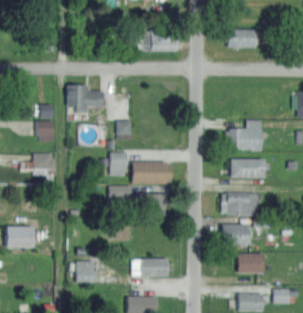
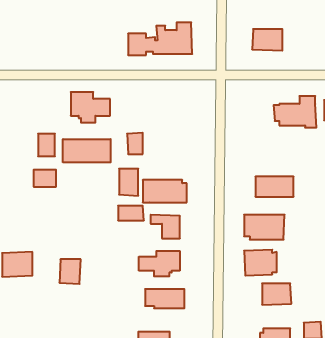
building: [225,122,263,150] -> [274,96,316,128]
building: none -> [63,139,111,162]
building: none -> [139,251,180,276]
building: [77,261,96,283] -> [59,259,81,284]

